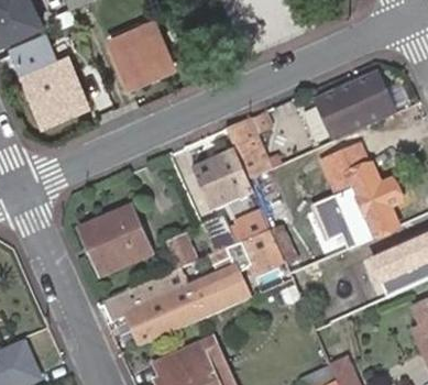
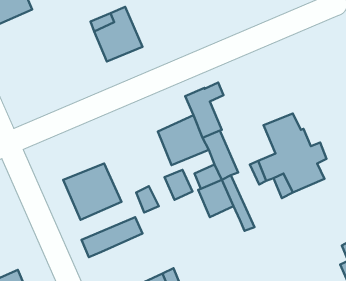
building: [13,35,88,123] -> none
building: [317,75,392,138] -> none
building: [125,268,244,344] -> none

